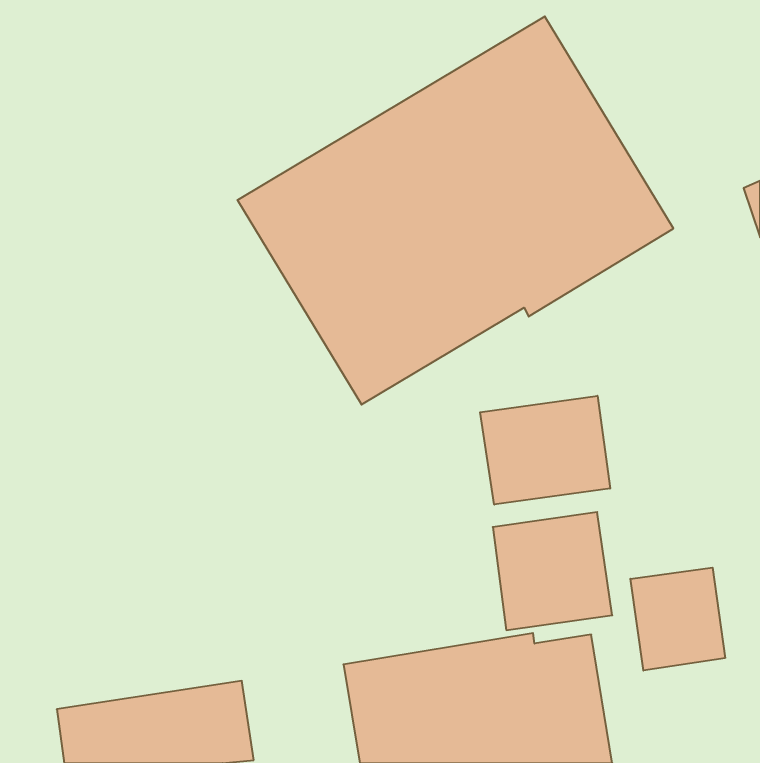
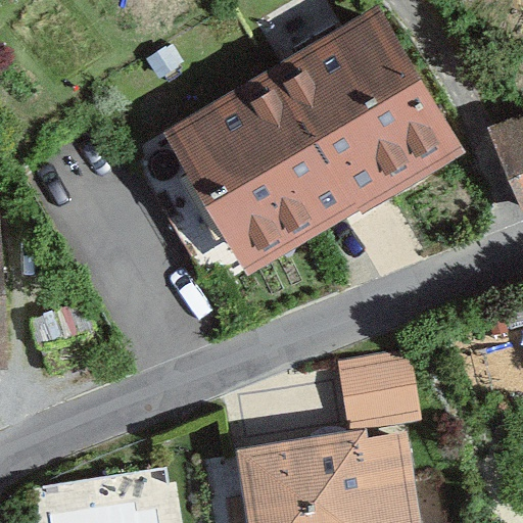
building: [480,396,610,505] -> none
building: [630,568,725,671] -> none

